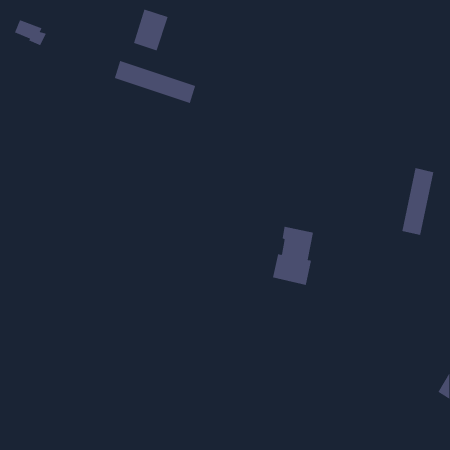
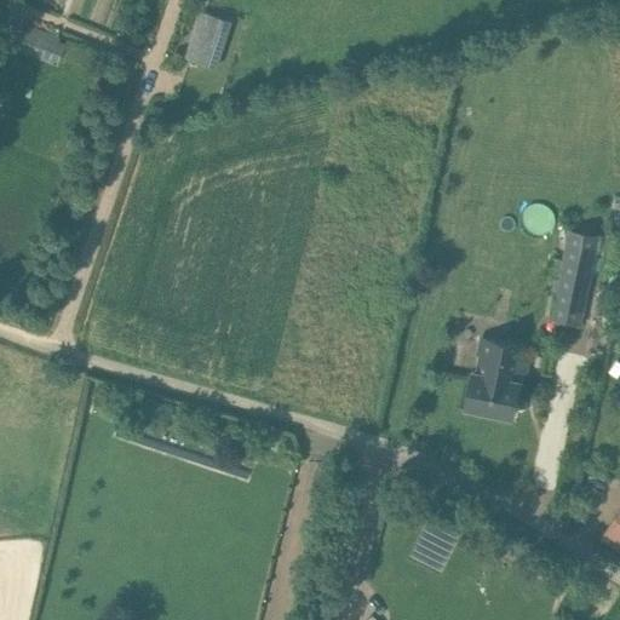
building: [114,60,196,104] -> none
building: [272,226,314,285] -> [464,337,521,418]

